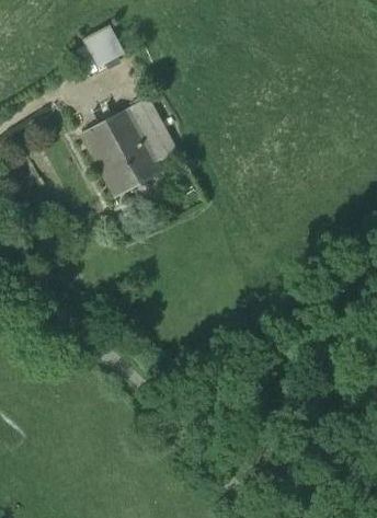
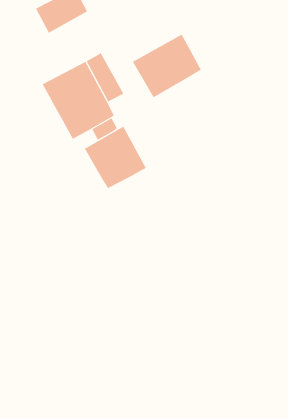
building: none -> [132,34,201,98]
building: none -> [84,126,147,189]

